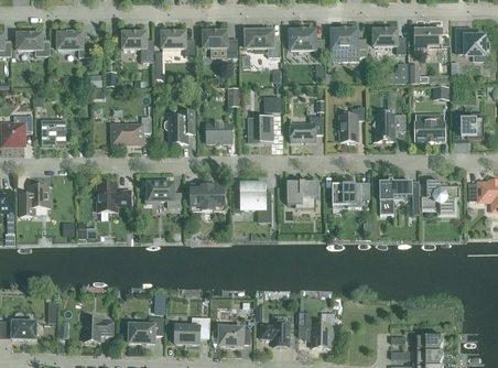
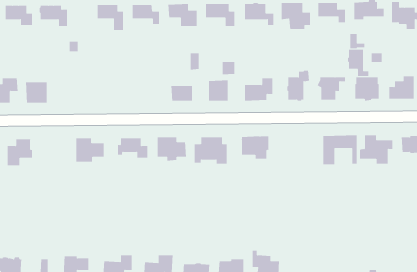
building: none -> [347,49,369,77]
building: [164,110,195,142] -> none
building: [112,116,151,142] -> none
building: [332,181,370,207] -> none

